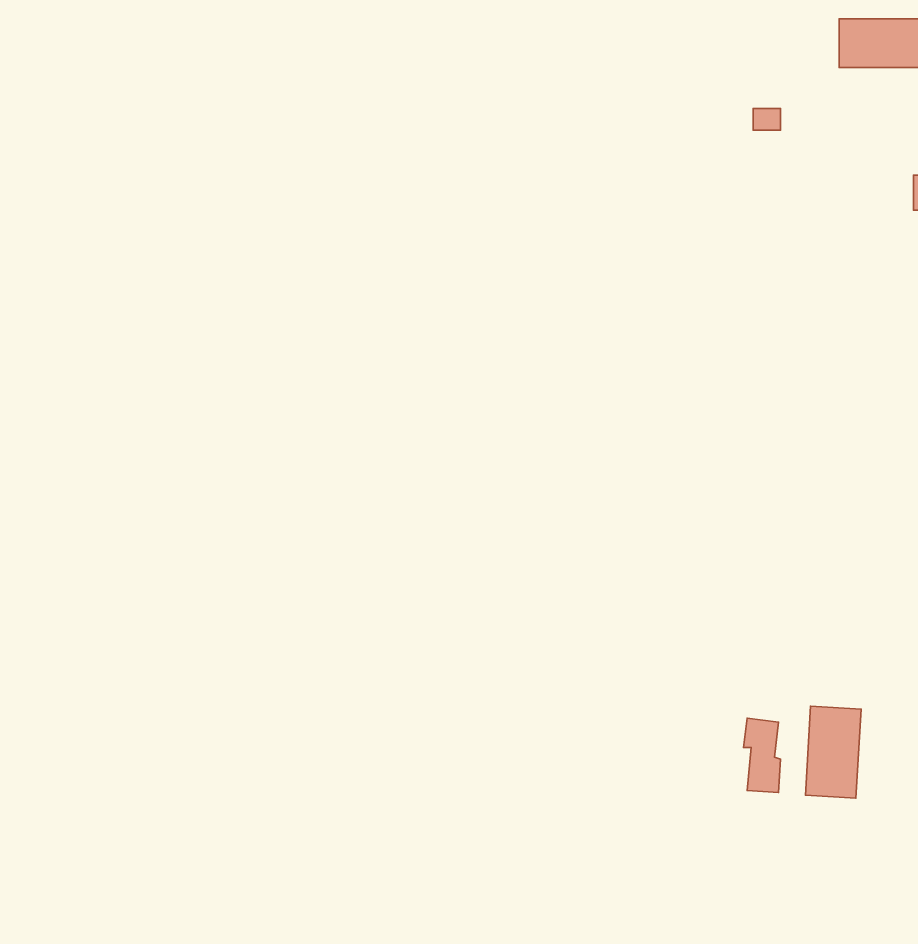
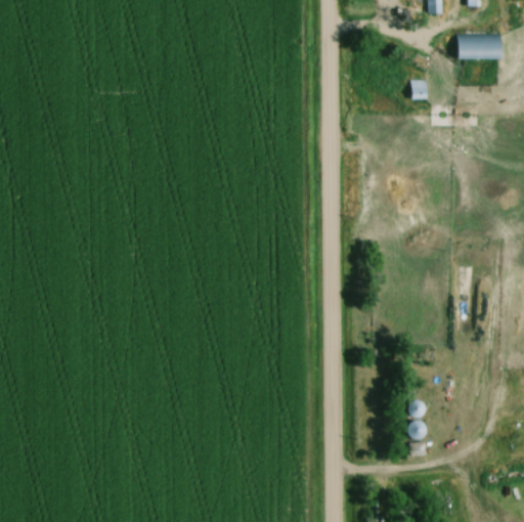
building: [805,706,861,798] -> none

